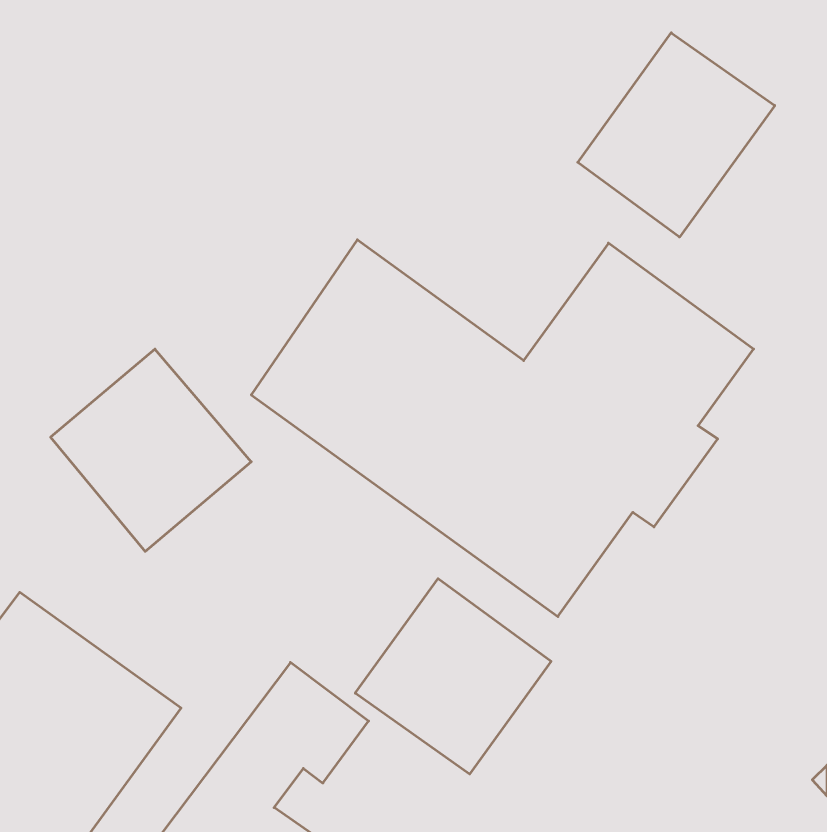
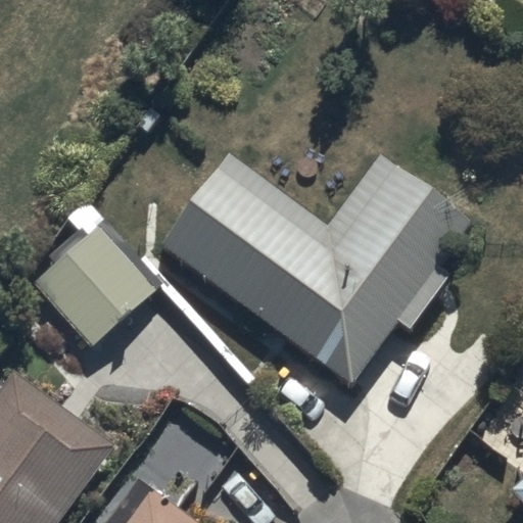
building: [578,33,775,237] -> none
building: [355,579,551,774] -> none

